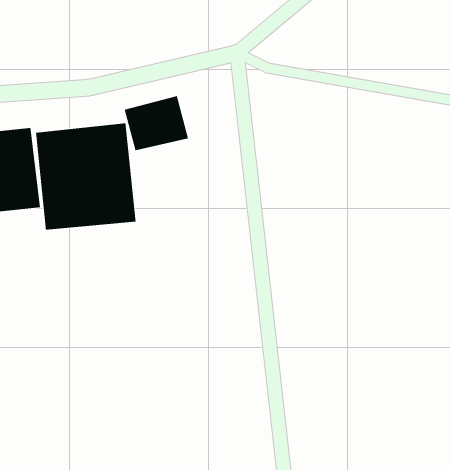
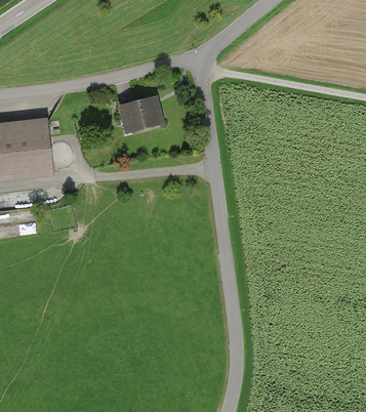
building: [36,123,136,231] -> none

